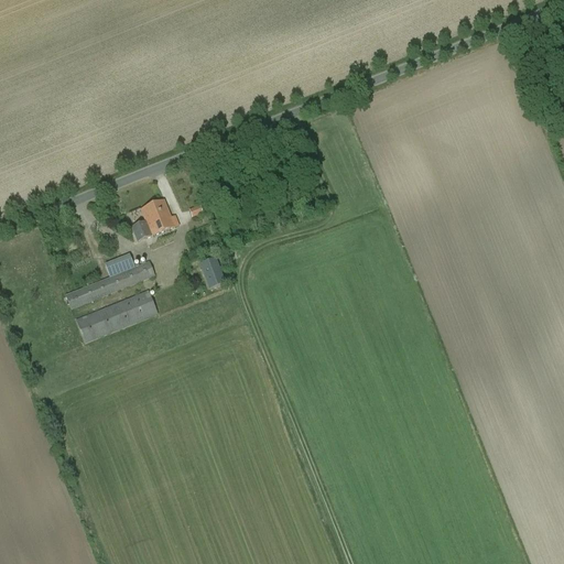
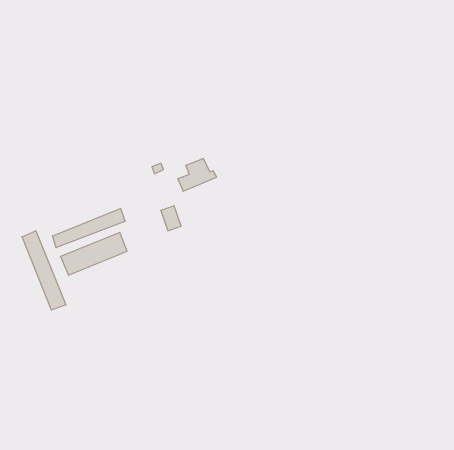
building: [131,199,180,240] -> [178,158,217,191]
building: none -> [22,231,66,310]

